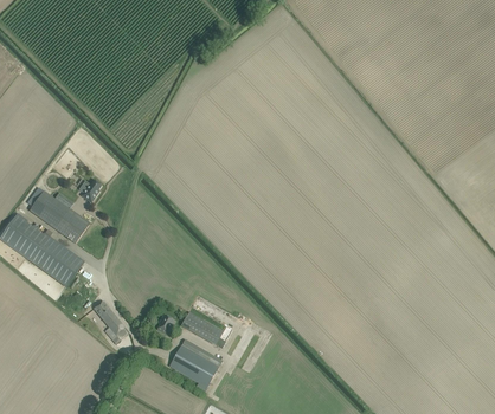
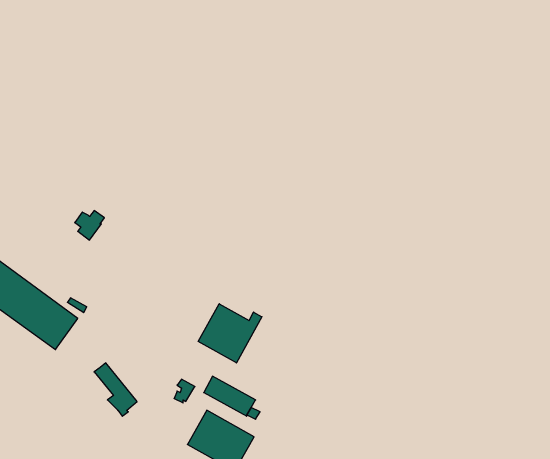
building: [28,189,90,242] -> none
building: none -> [198,304,262,363]

